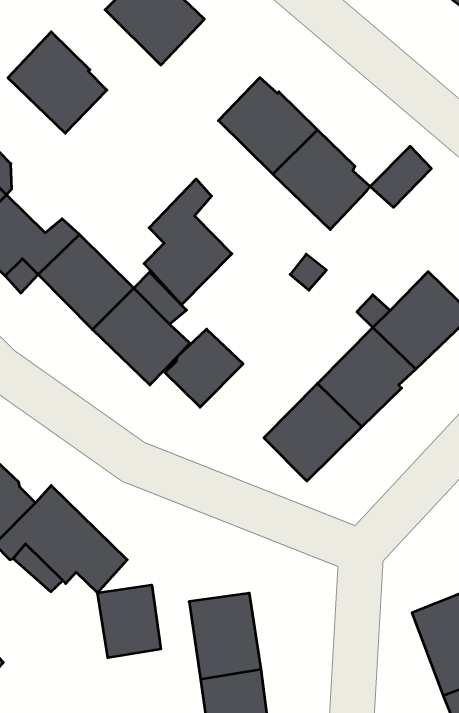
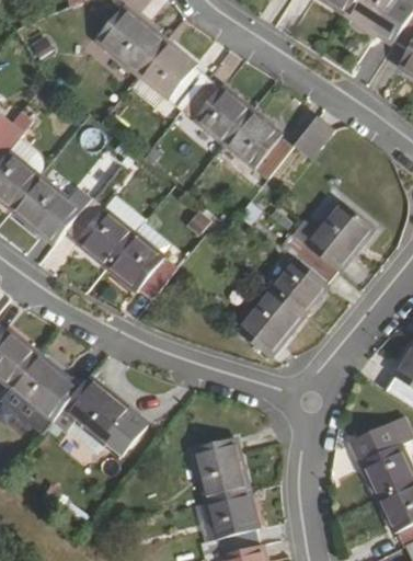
building: [8,32,107,133] -> [138,39,208,110]
building: [144,179,232,305] -> none
building: [165,329,243,407] -> none
building: [98,585,161,658] -> none

